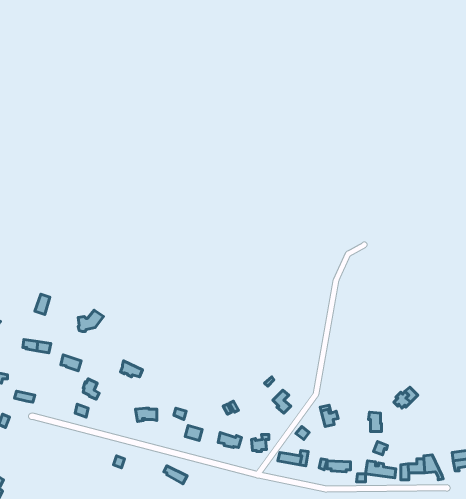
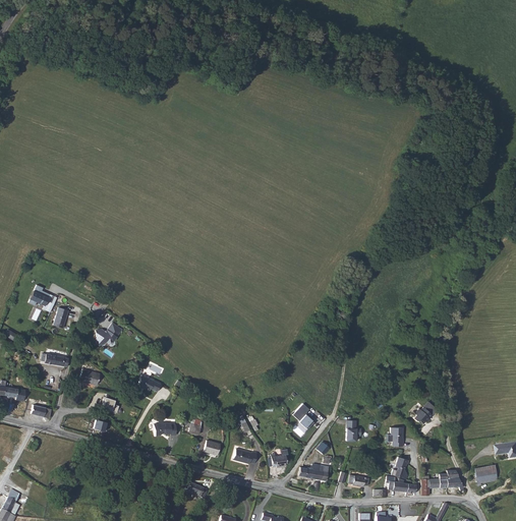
building: none -> [27,284,57,311]

